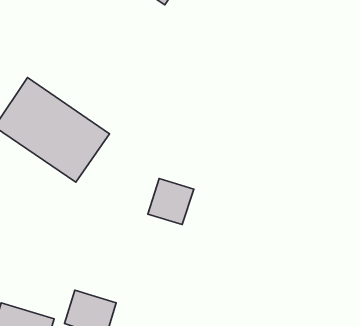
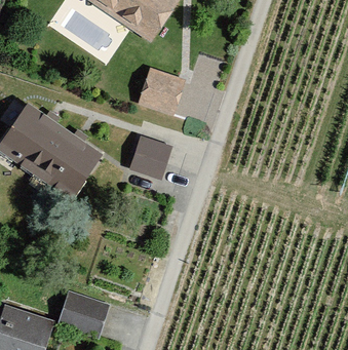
building: none -> [140,67,183,112]
building: [148,179,194,225] -> [129,135,170,177]

